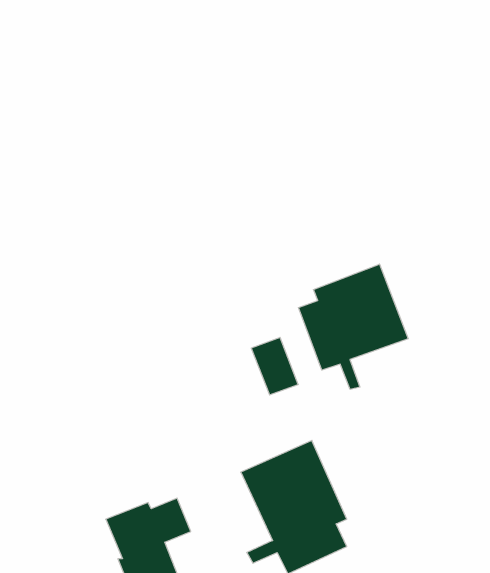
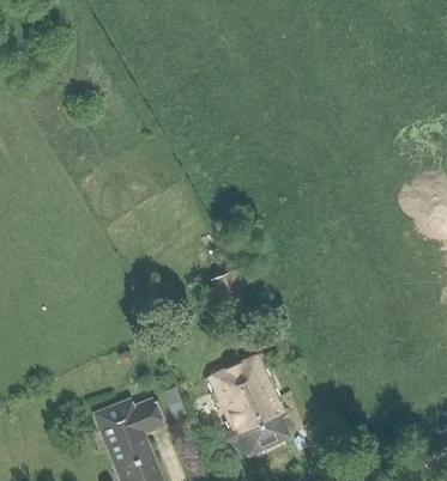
building: [298,264,408,389] -> none

